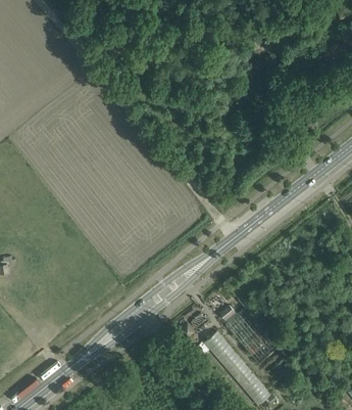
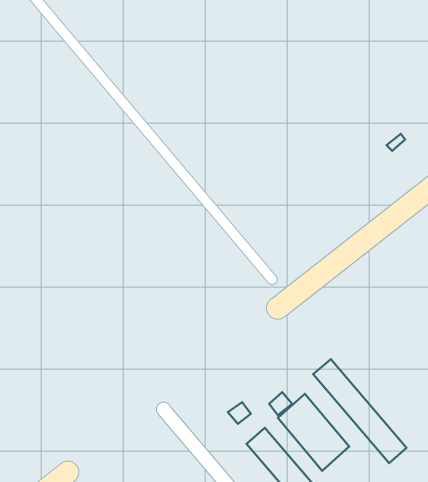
building: none -> [313,359,407,463]

